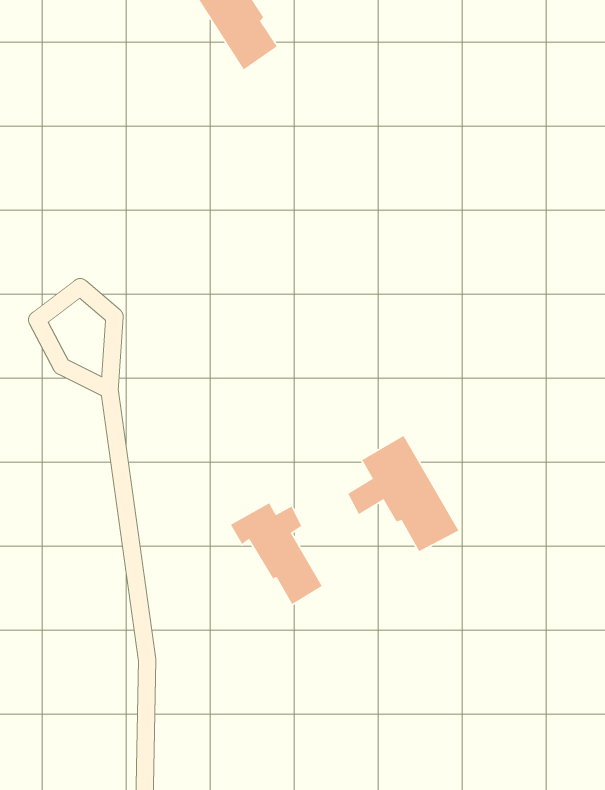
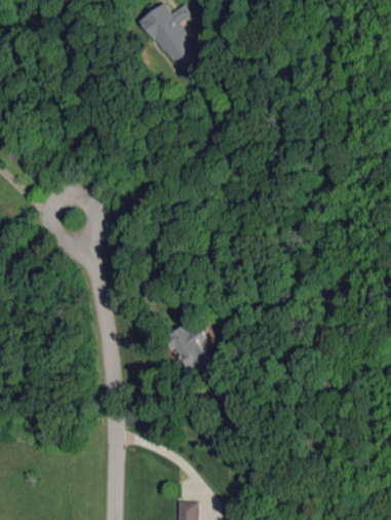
building: [347,435,460,552] -> none

